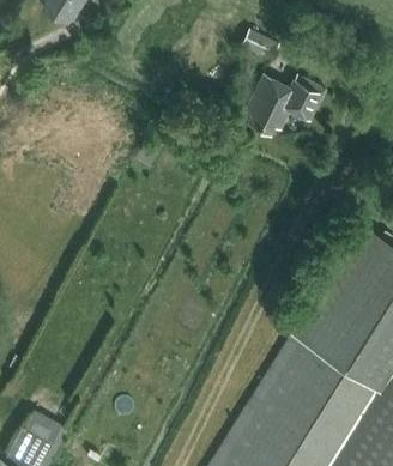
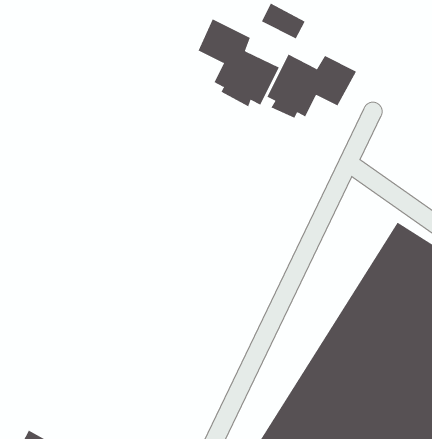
building: none -> [198,19,280,107]

